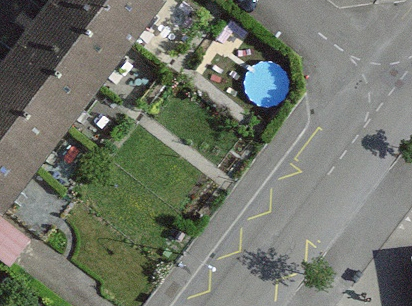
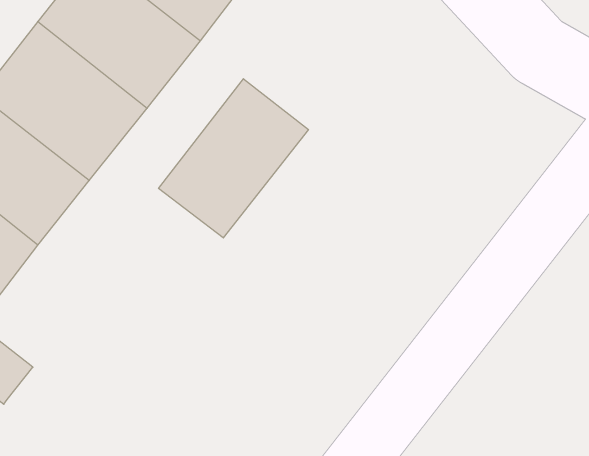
building: none -> [159,79,308,238]

